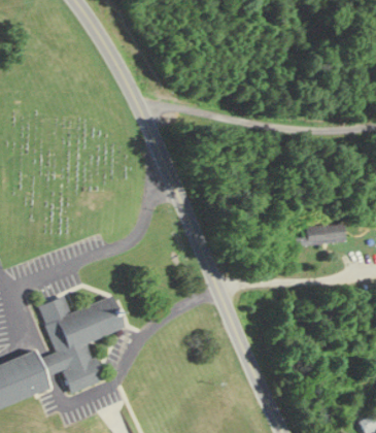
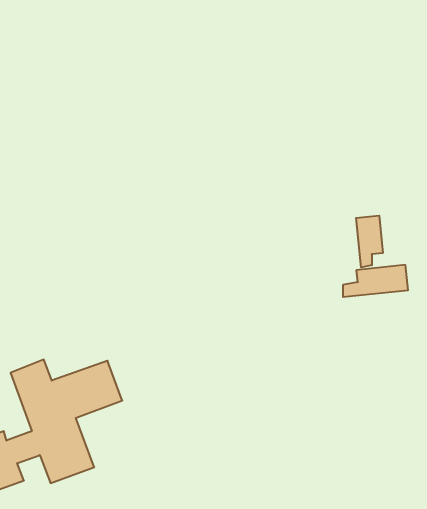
building: none -> [356,216,383,267]

